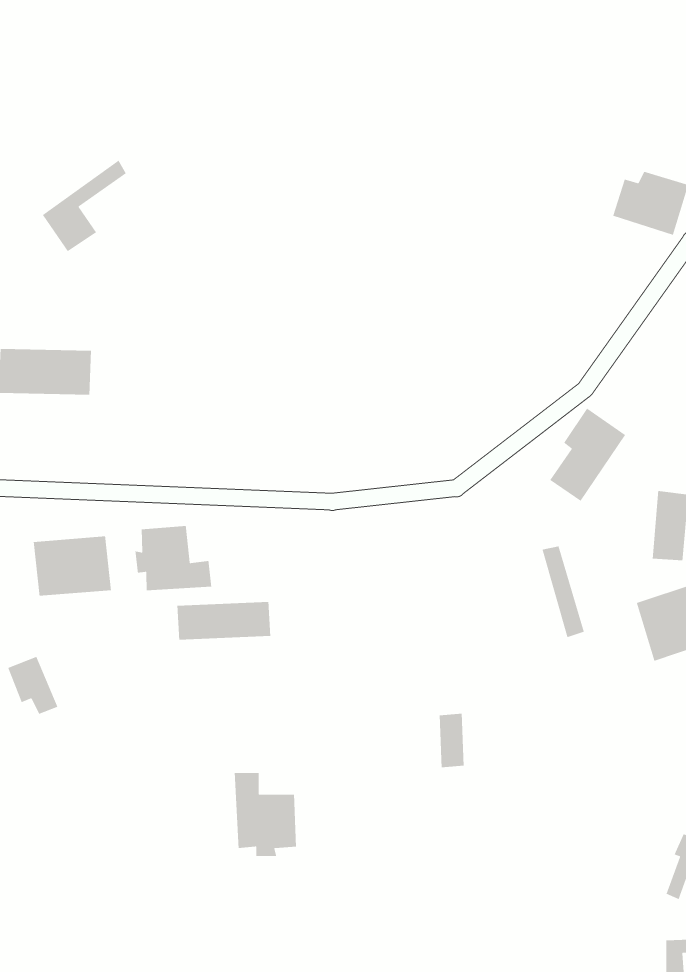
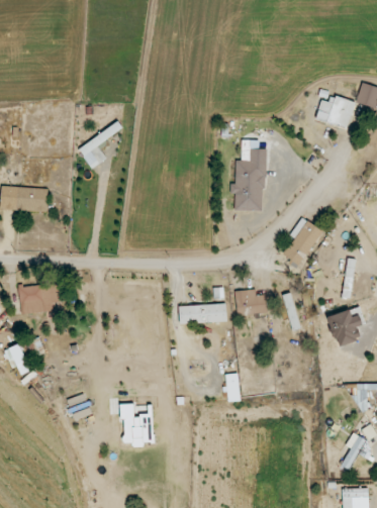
building: [42,160,127,252] -> [79,121,122,169]
building: none -> [230,140,266,211]
building: [135,525,212,591] -> none
building: none -> [234,289,267,318]
building: [176,601,271,641] -> [179,304,227,324]

